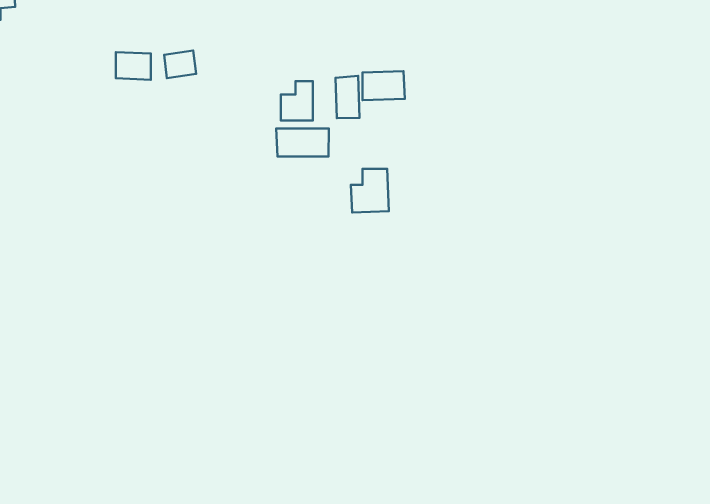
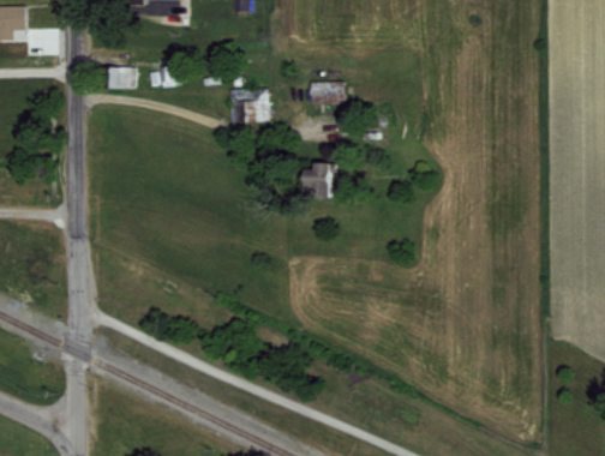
building: [335,76,360,118] -> none
building: [276,128,329,157] -> none

